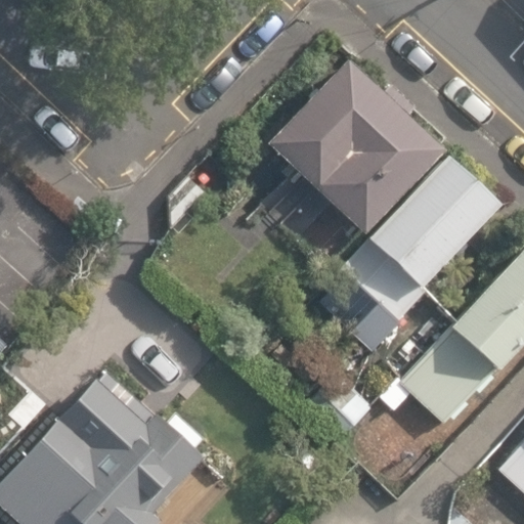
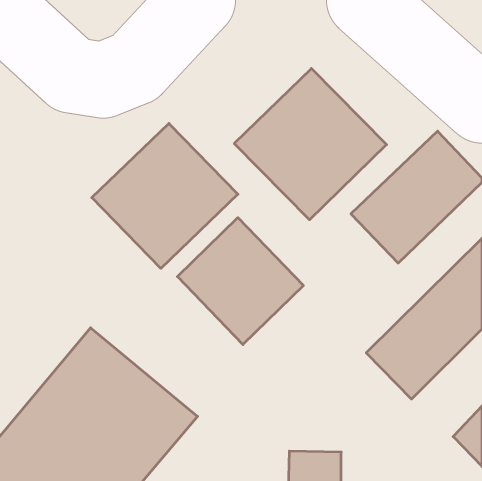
building: none -> [92,123,238,268]
building: none -> [177,218,303,345]

